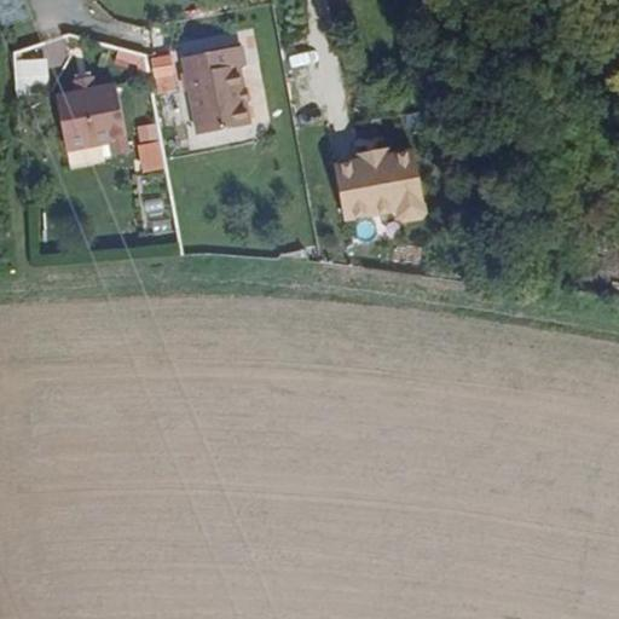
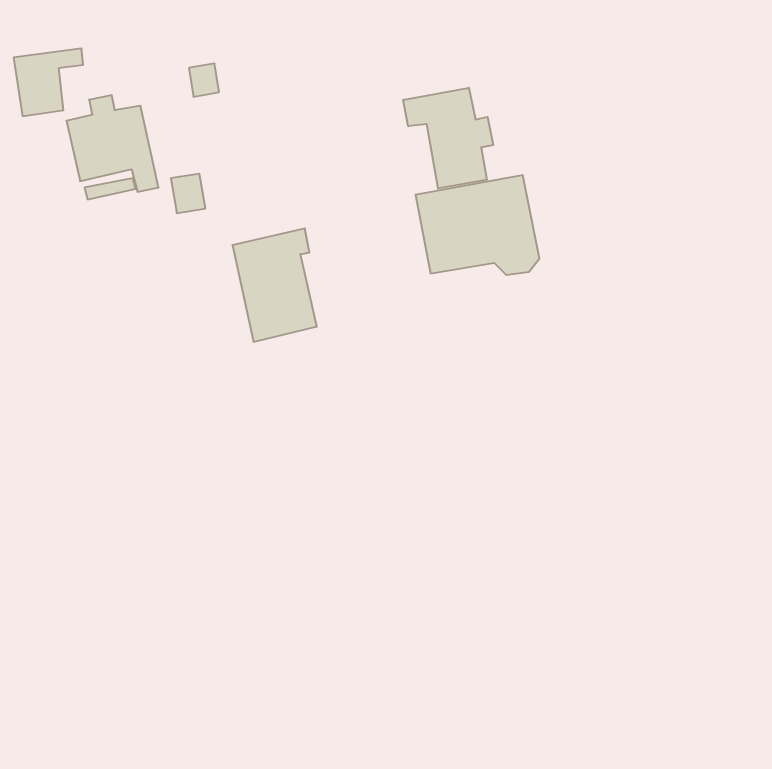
building: [179,44,247,134] -> [232,228,317,342]
building: none -> [403,88,493,189]

